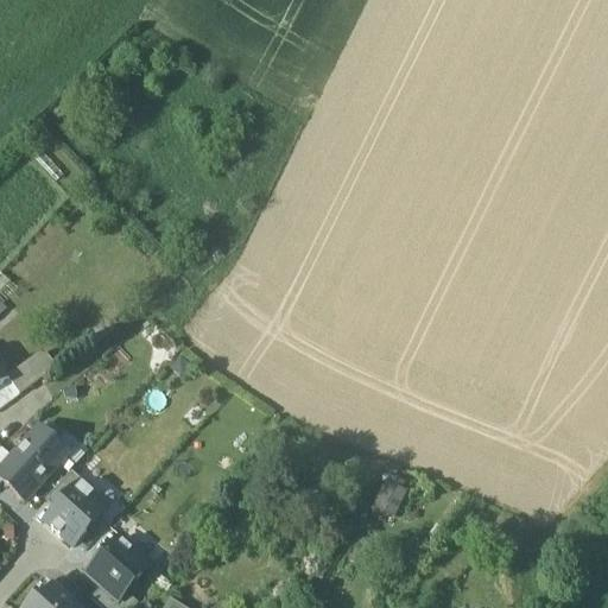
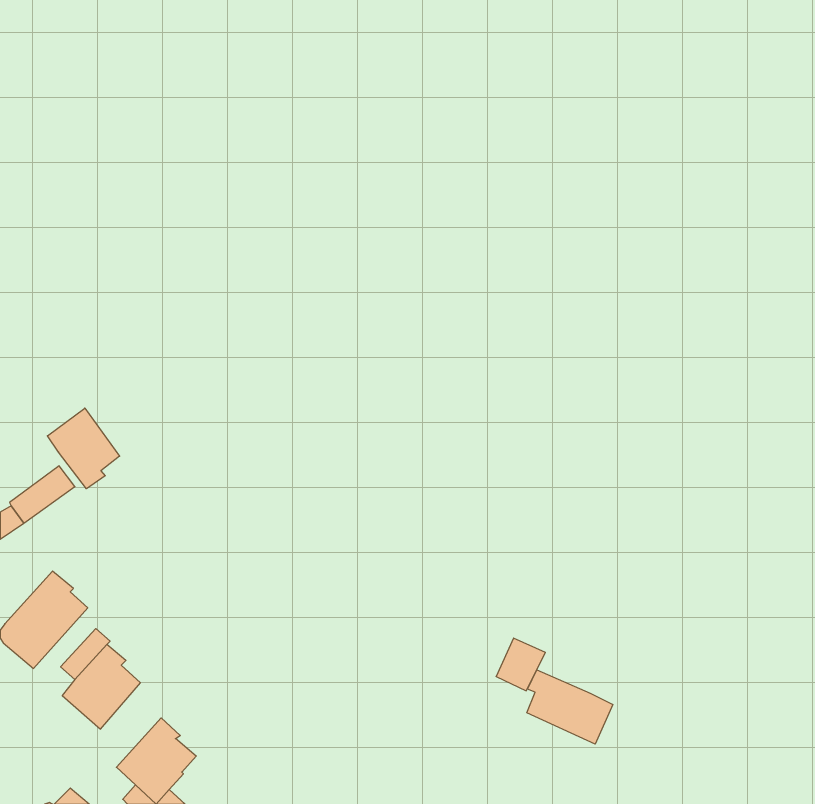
building: none -> [47,408,120,489]
building: none -> [527,670,613,744]

